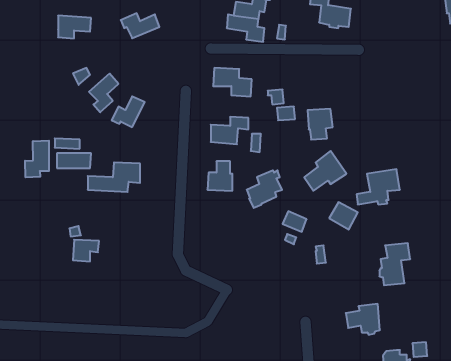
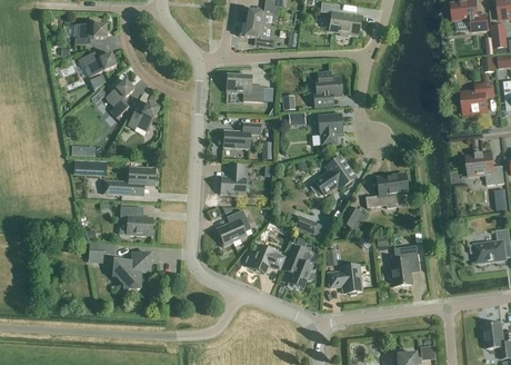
building: [121,13,159,38] -> [78,51,116,76]
building: none -> [313,71,341,107]
building: [25,141,49,177] -> none
building: [247,170,282,208] -> [217,209,251,246]
building: none -> [119,205,152,235]
building: none -> [250,244,284,272]
building: none -> [284,245,312,287]
building: none -> [112,251,150,288]
building: [346,304,380,335] -> [328,264,361,294]

